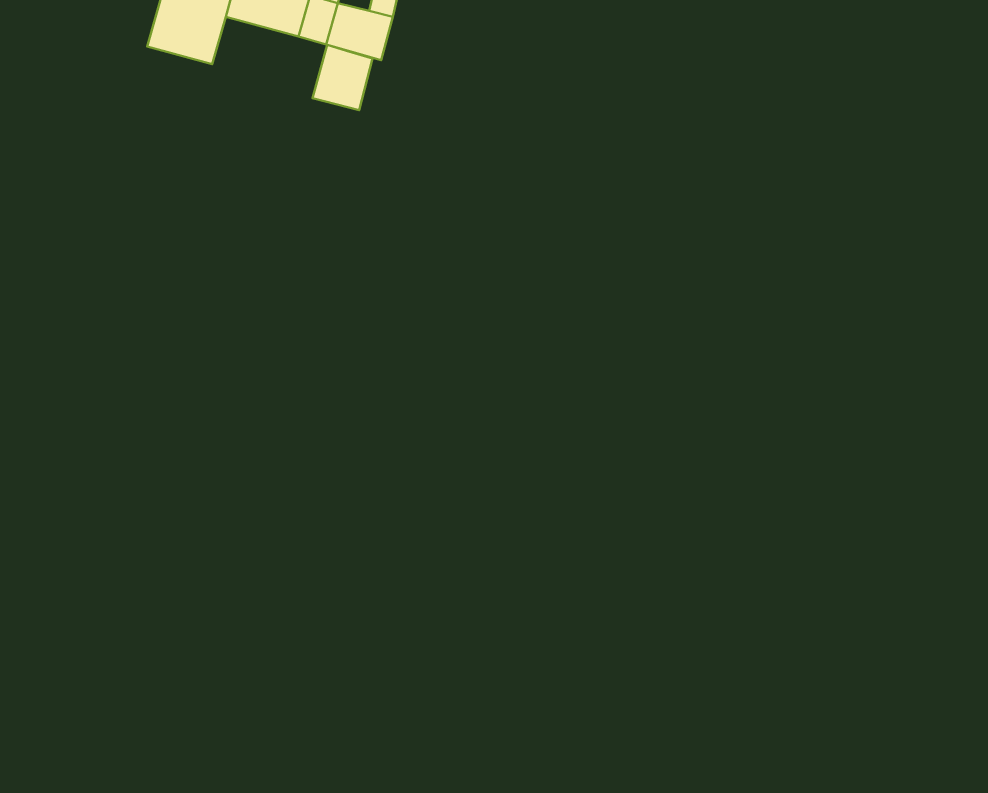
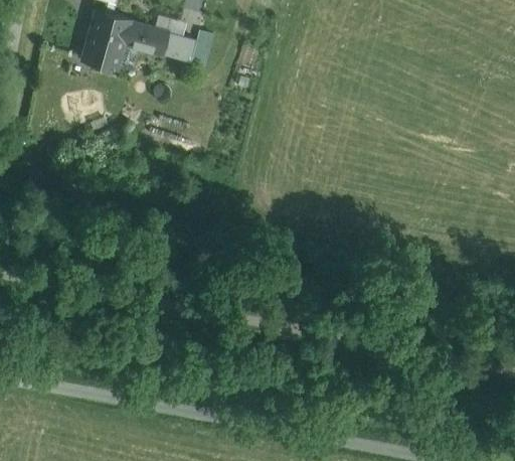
building: [312,45,373,110] -> none

